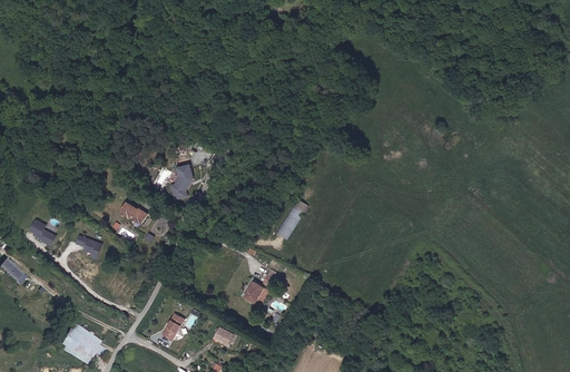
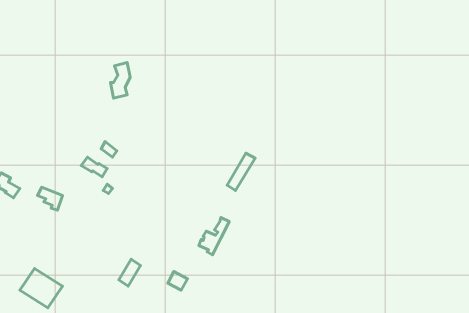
building: [170,163,191,200] -> [110,63,130,98]

